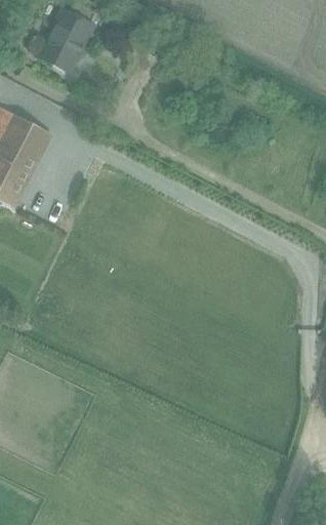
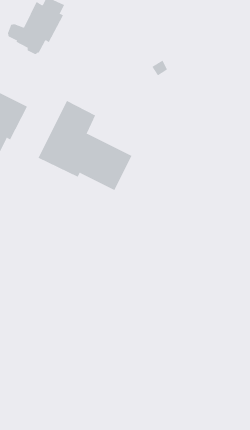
building: none -> [38,100,132,191]

